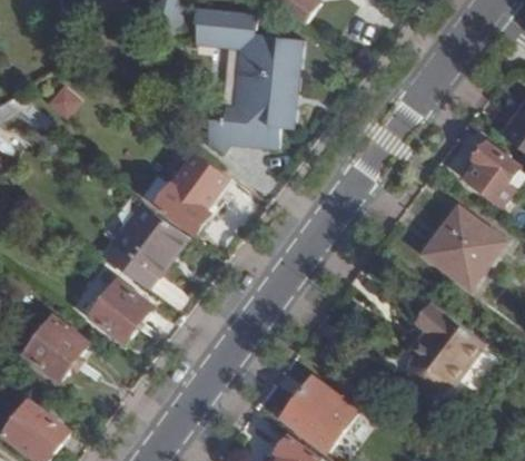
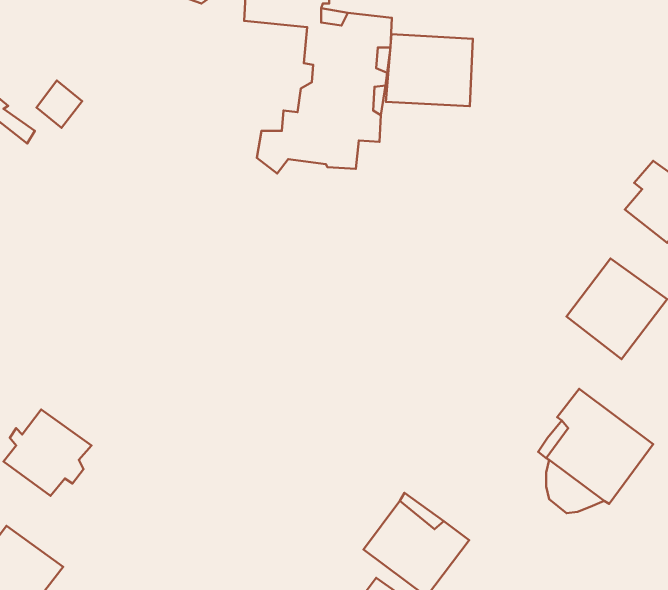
building: none -> [386,34,473,106]
building: [146,153,228,233] -> none
building: [103,204,187,290] -> none
building: [90,282,151,343] -> none

